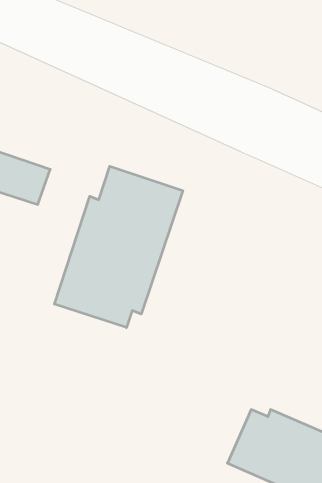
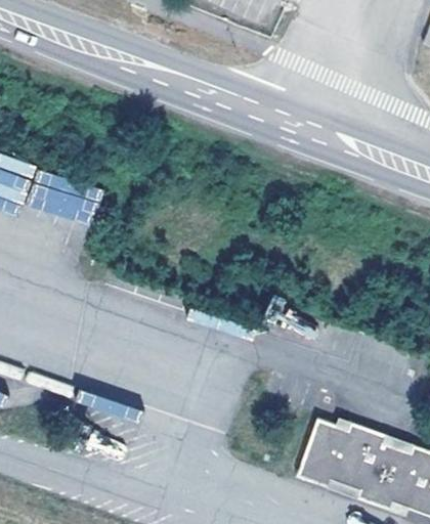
building: [54,166,183,328] -> none

